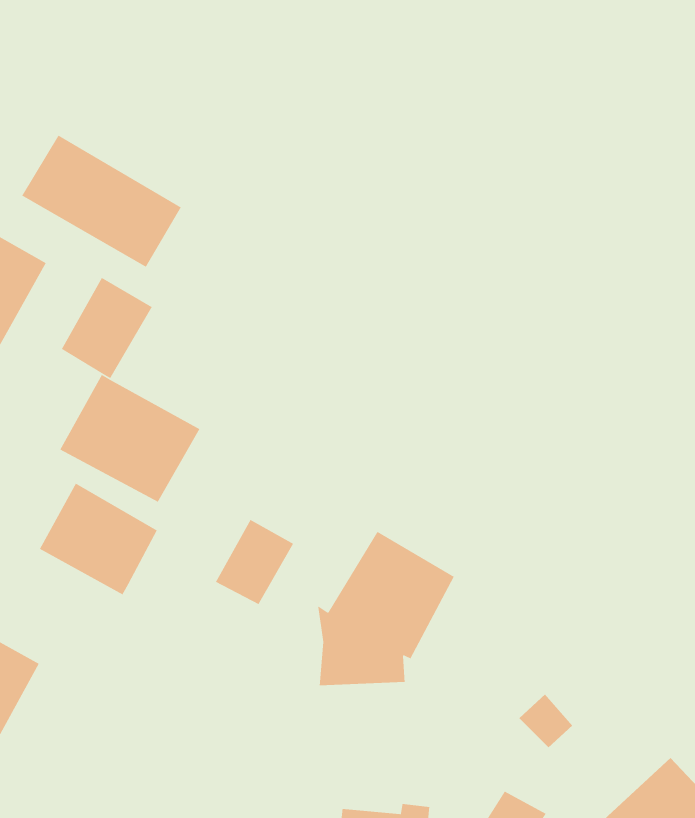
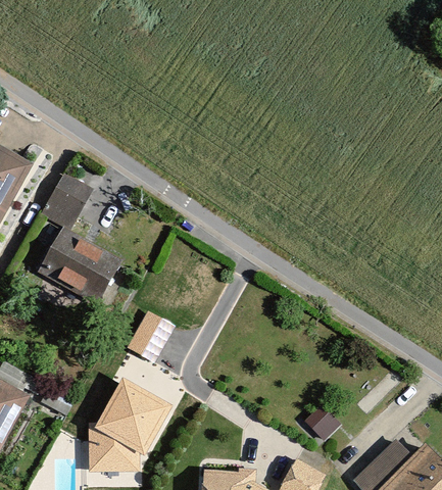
building: [21,134,182,268] -> none
building: [39,482,158,596] -> none
building: [317,531,455,686] -> [89,379,168,469]

